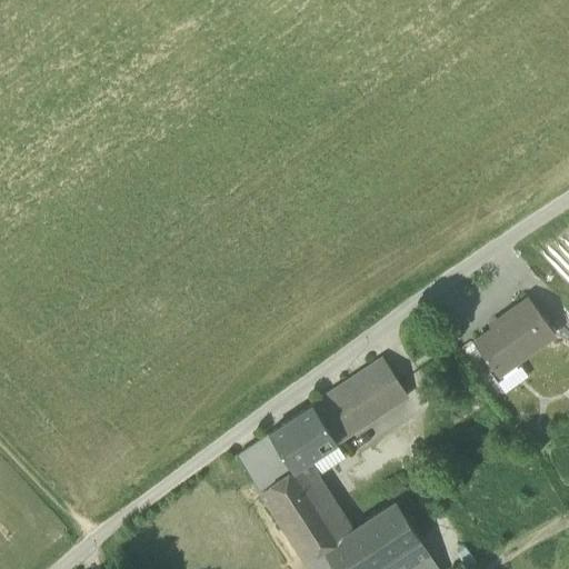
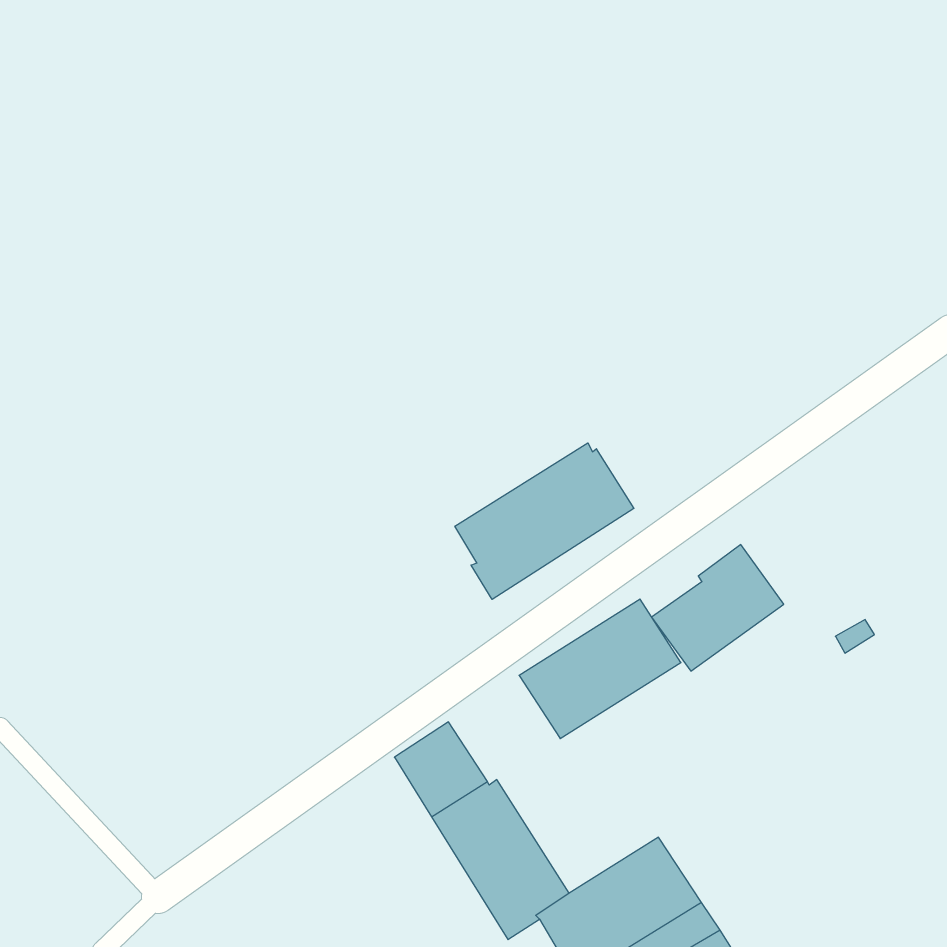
building: none -> [455,443,634,599]
building: [476,300,555,376] -> [652,545,784,671]
building: [270,406,337,471] -> none

